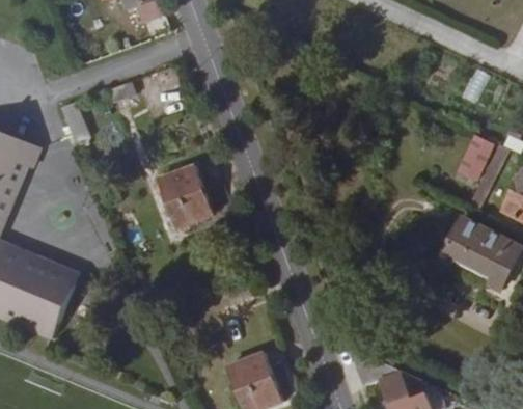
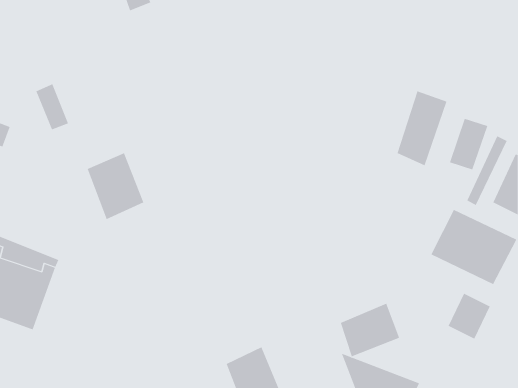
building: none -> [397,90,447,166]
building: [167,162,222,226] -> [87,153,144,220]
building: none -> [448,293,490,339]
building: none -> [340,303,400,357]

